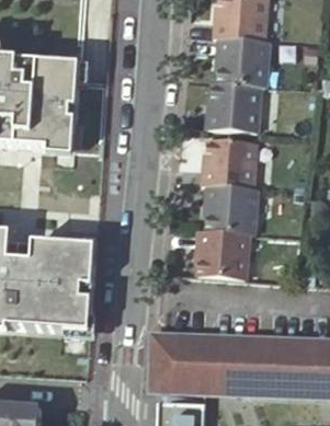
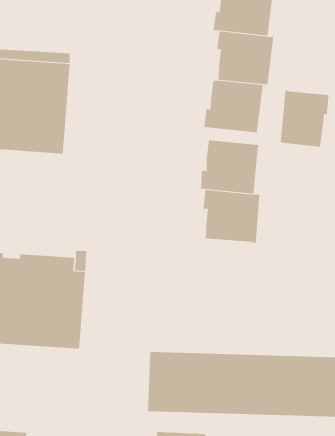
building: none -> [280,90,329,148]
building: [195,226,248,276] -> none

